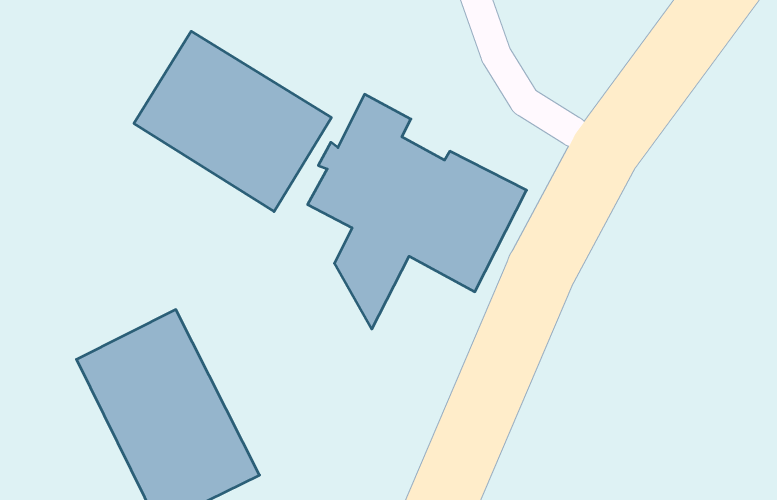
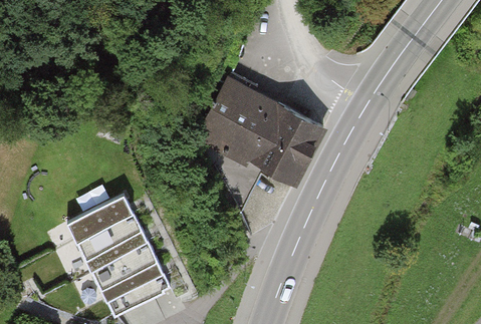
building: [134,31,331,212] -> none

